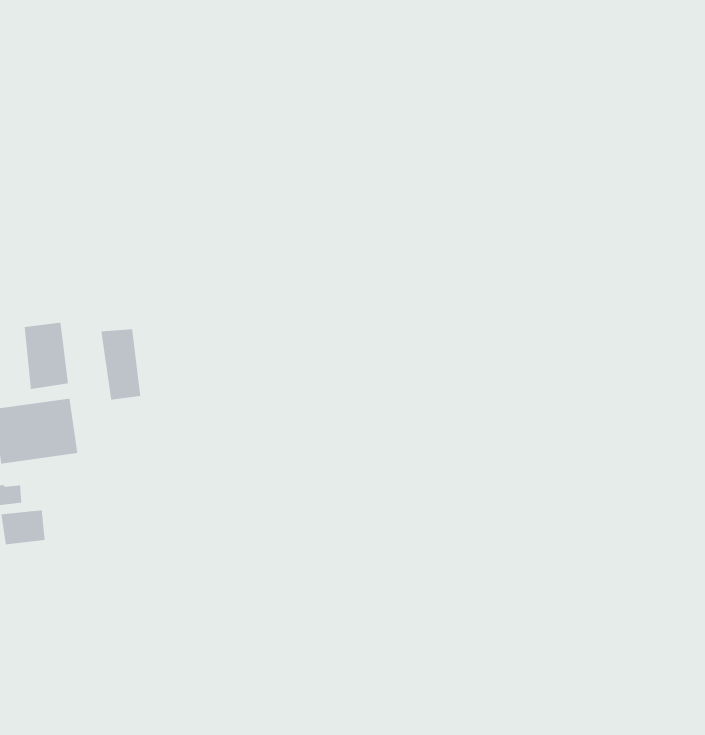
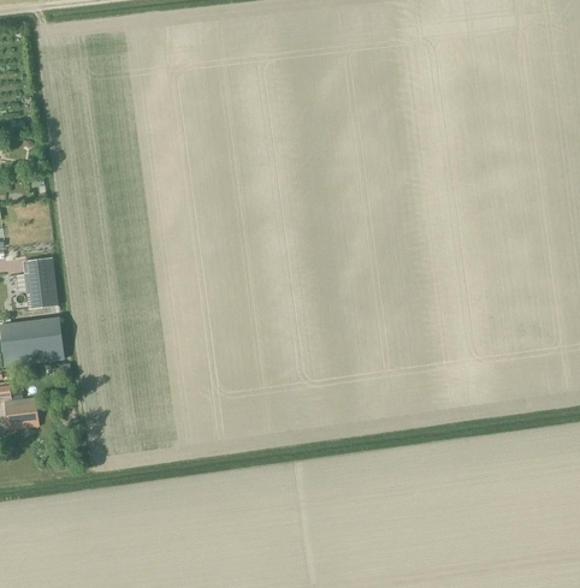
building: [100,328,141,400] -> none

